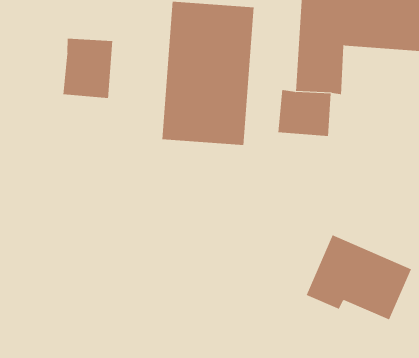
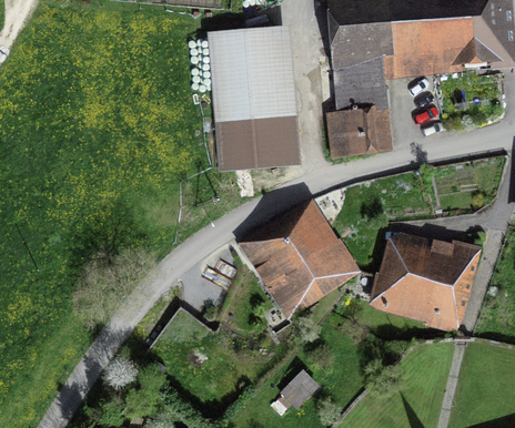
building: [63,38,113,99] -> none
building: none -> [245,204,356,317]

